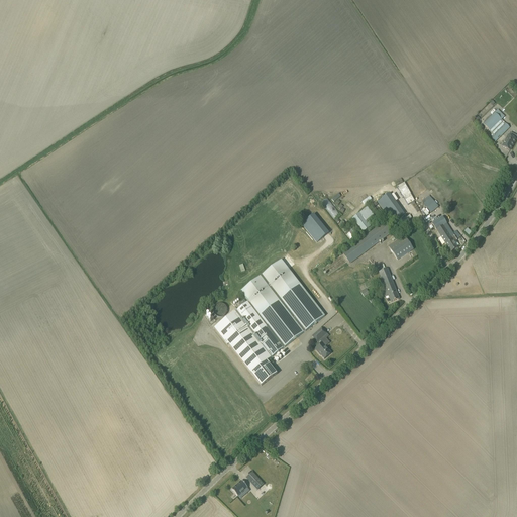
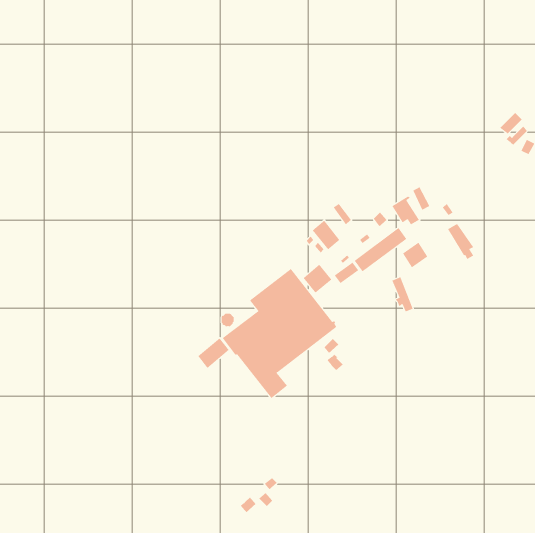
building: none -> [303,264,332,294]
building: none -> [197,337,230,369]

